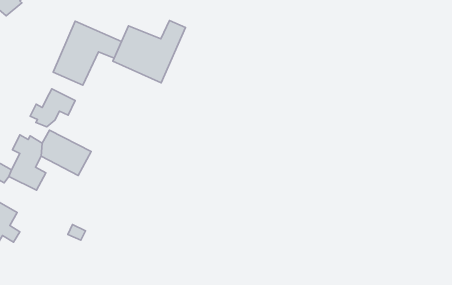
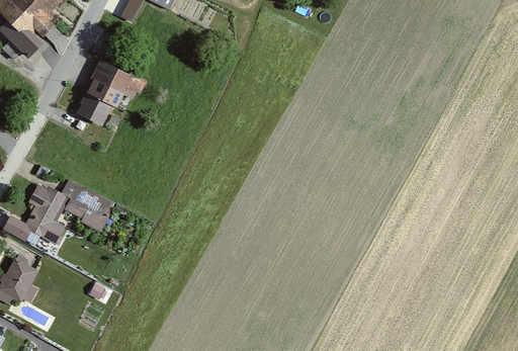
building: [113,20,185,83] -> none
building: [30,89,75,127] -> none

